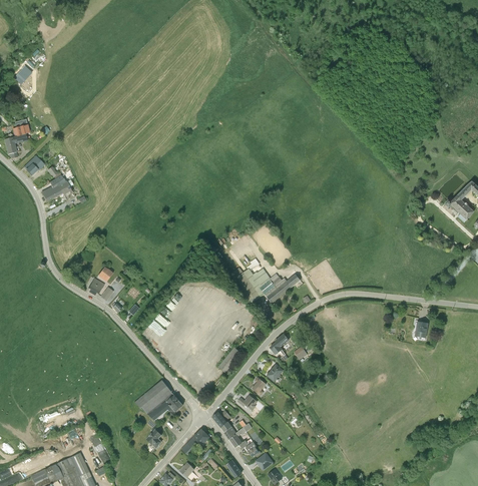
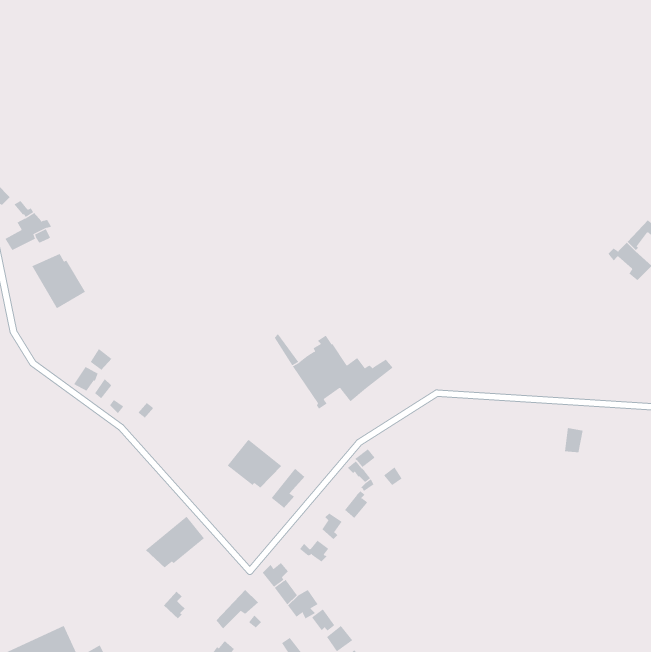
building: none -> [32,253,86,309]
building: none -> [227,439,282,489]
building: [148,394,183,422] -> none

